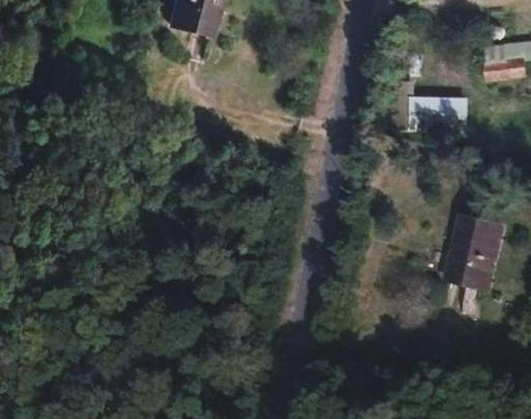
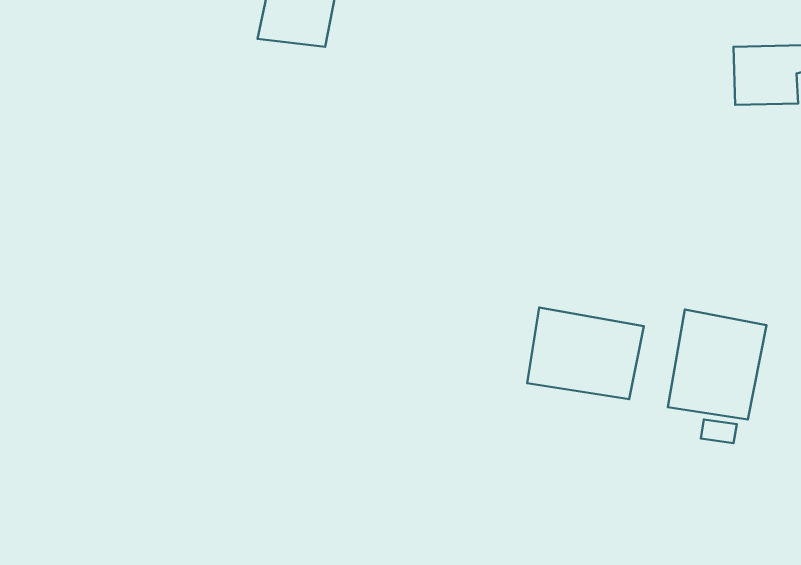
building: [411,97,469,134] -> none
building: none -> [527,307,644,399]

